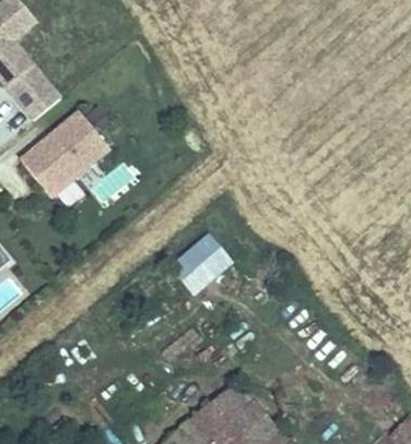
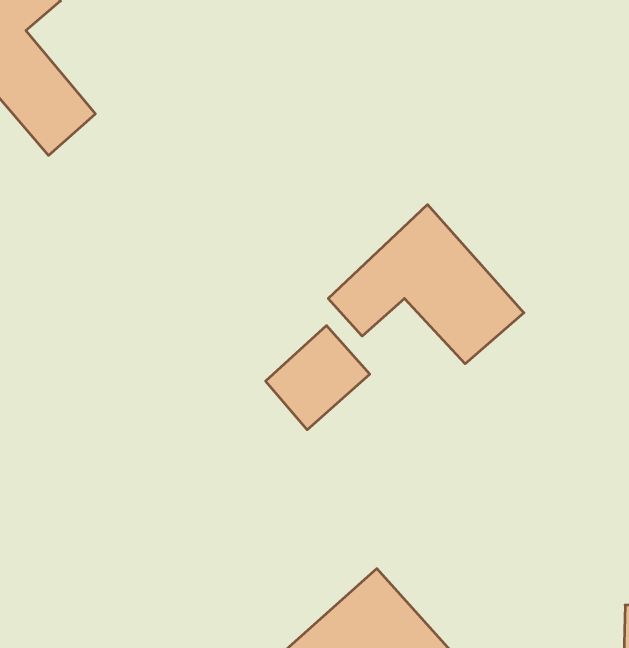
building: [19,110,110,200] -> none
building: none -> [328,205,524,364]

